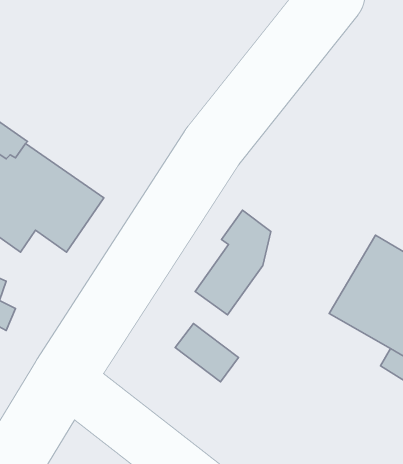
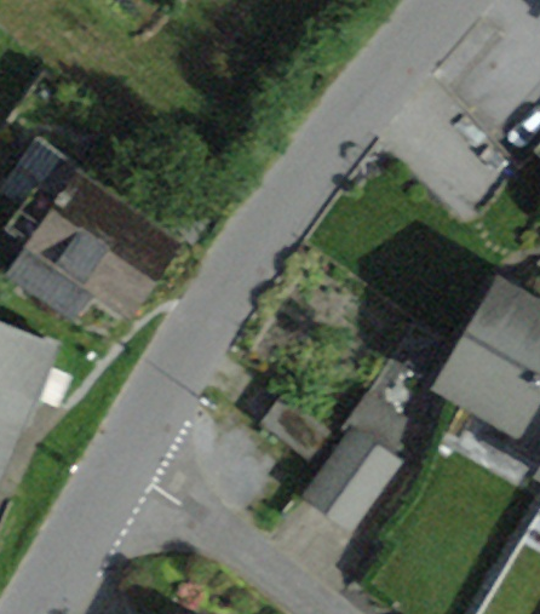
building: [195,210,271,315] -> [308,397,398,523]

